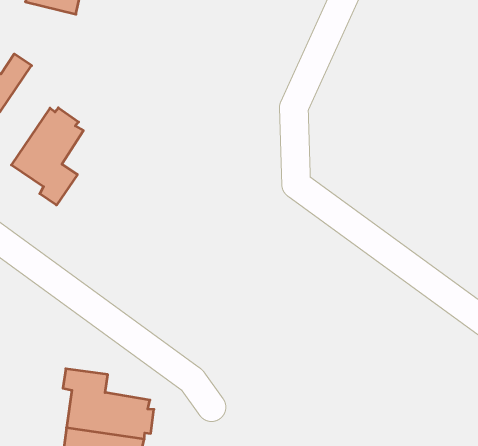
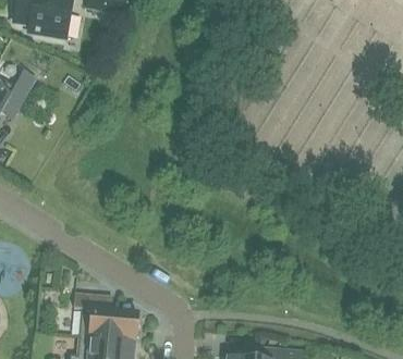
building: [11,108,83,205] -> none

